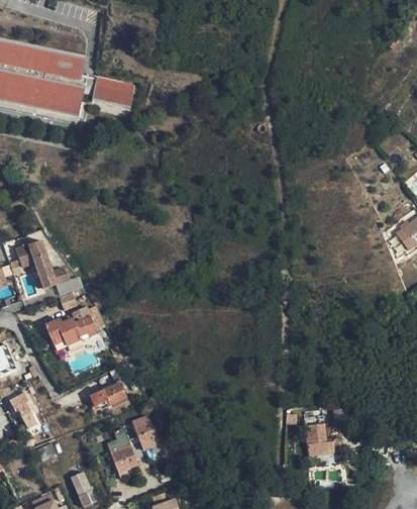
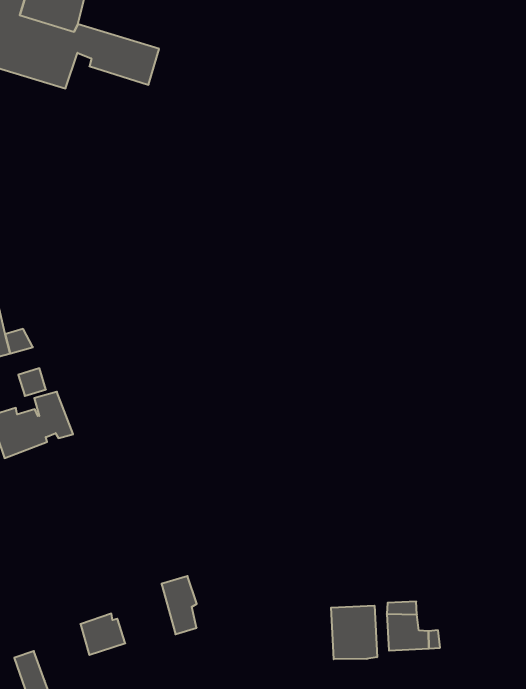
building: [90,383,126,407] -> none
building: [130,414,154,451] -> [161,576,197,634]
building: none -> [331,606,377,659]

